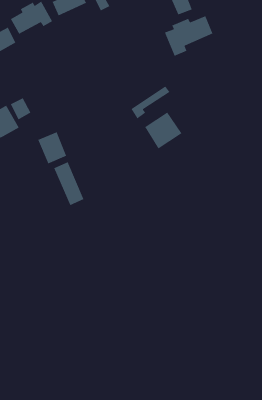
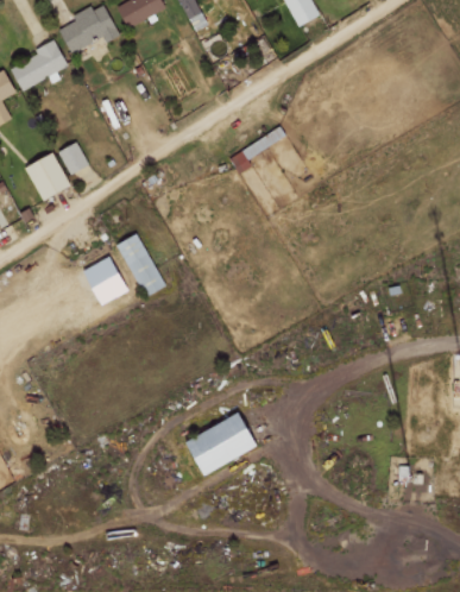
building: [164,15,213,57] -> none
building: [144,112,182,150] -> none
building: [37,131,67,164] -> [86,256,128,303]
building: none -> [190,411,261,473]

